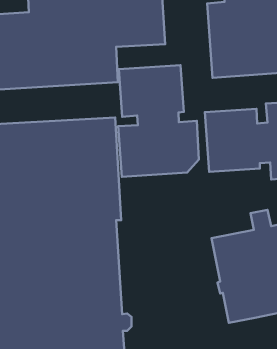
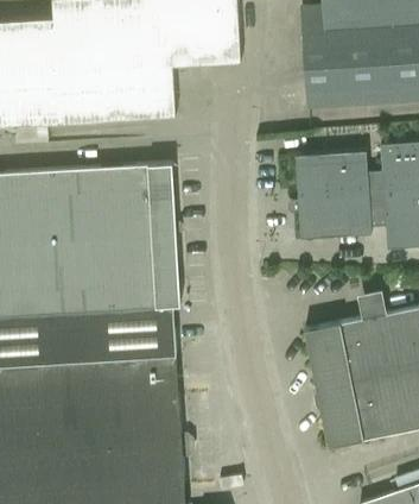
building: [118,65,199,177] -> none

